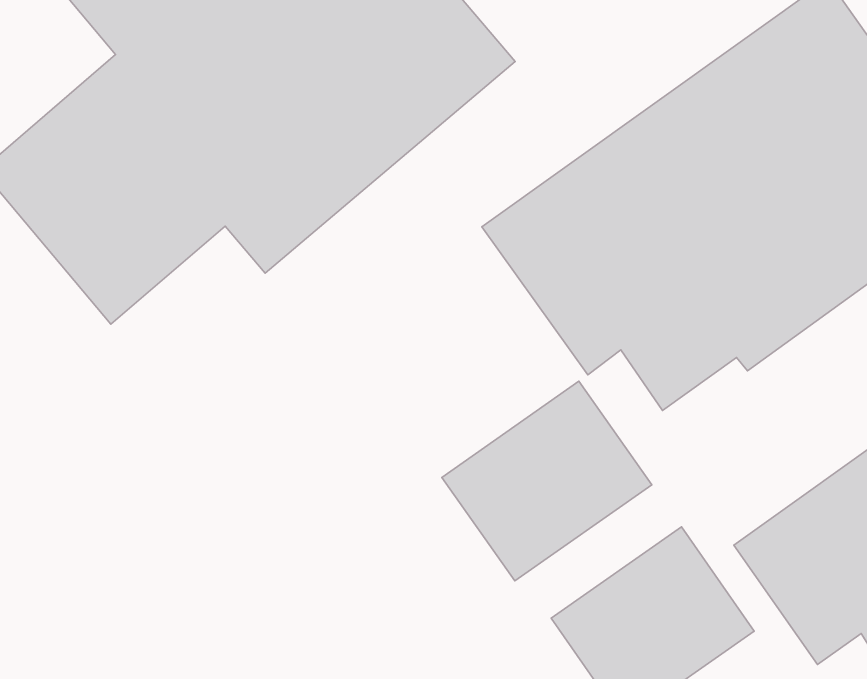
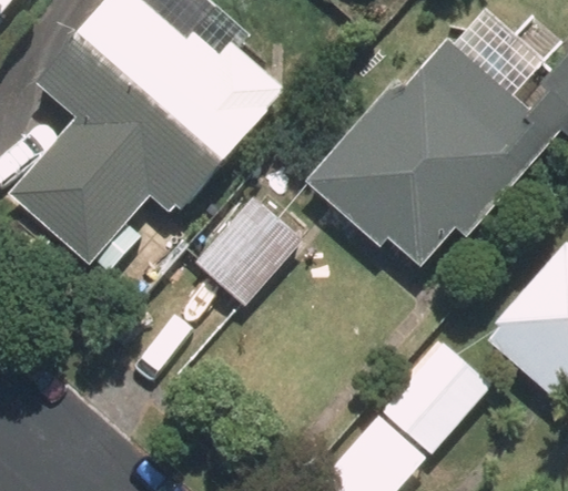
building: none -> [189,187,304,306]
building: [442,381,652,581] -> none

